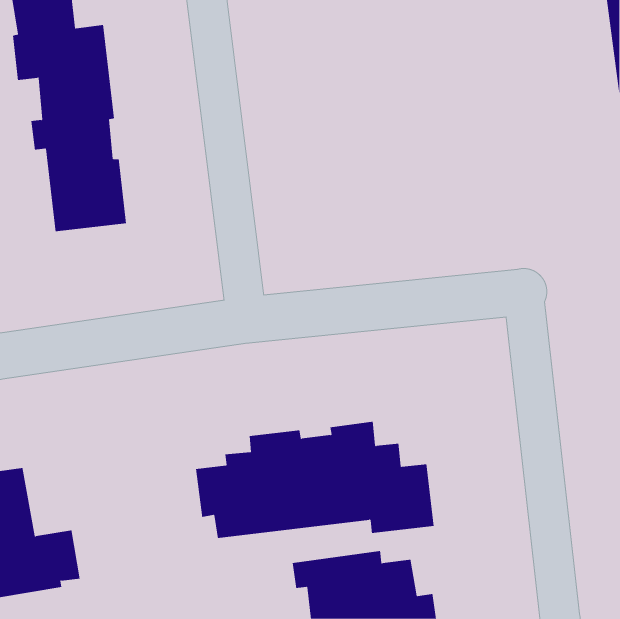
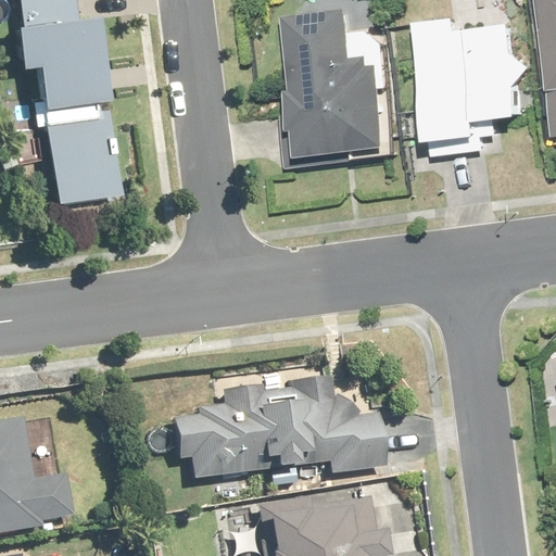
building: none -> [285,7,397,160]
building: none -> [425,17,531,140]

